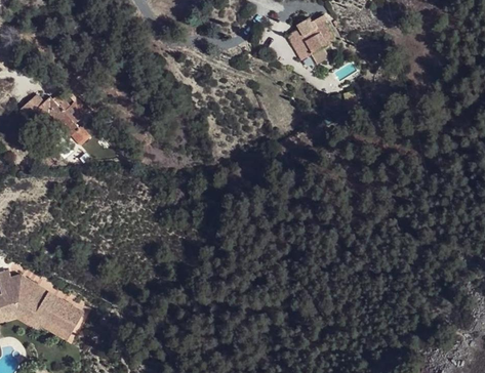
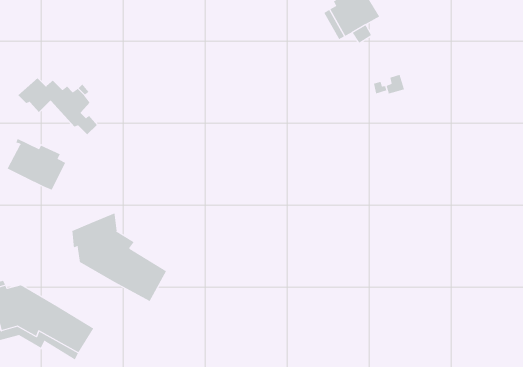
building: none -> [7,138,66,191]
building: none -> [72,213,167,302]

